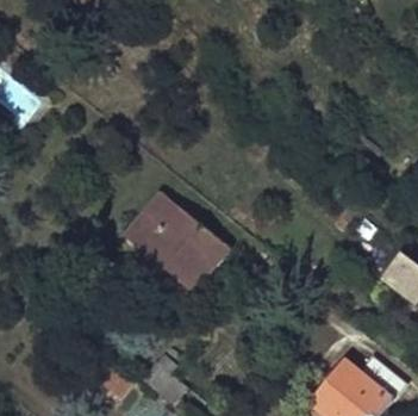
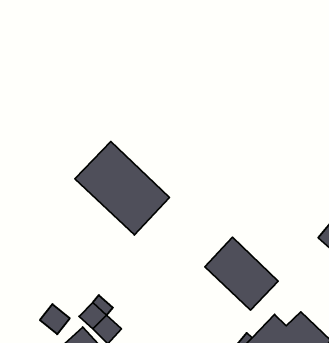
building: none -> [205,237,278,310]

